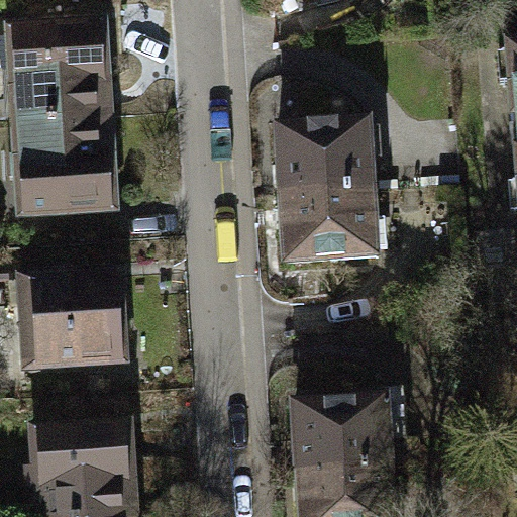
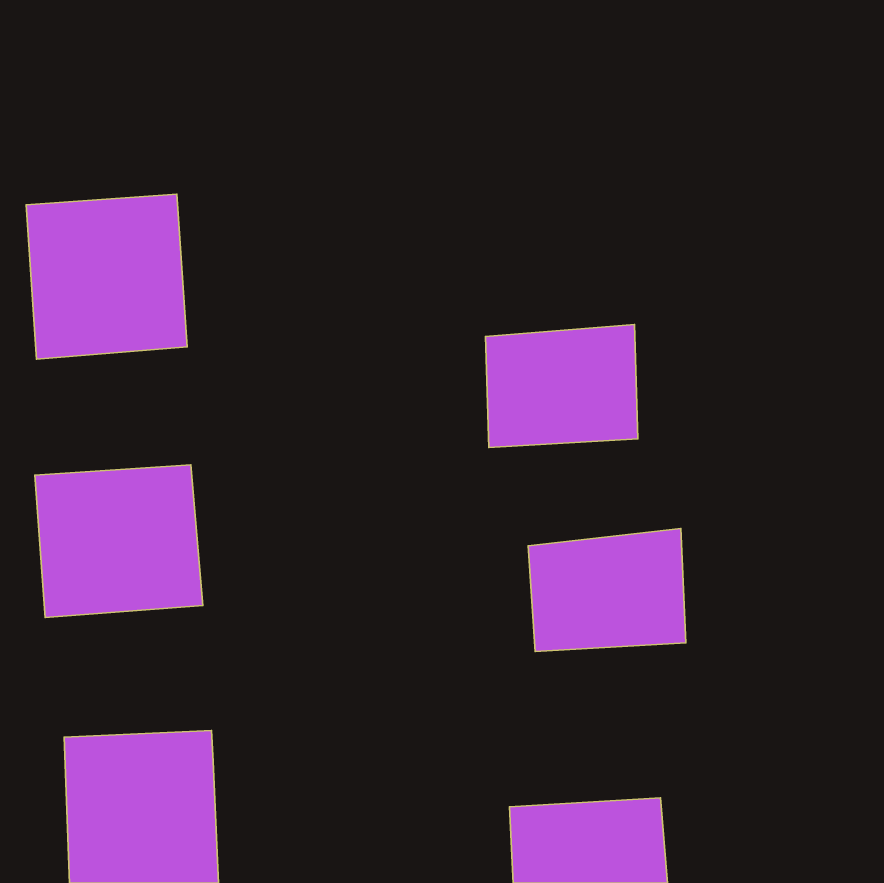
building: [9,24,104,119] -> none
building: [279,120,371,196] -> none
building: [294,398,386,470] -> [528,528,686,652]

